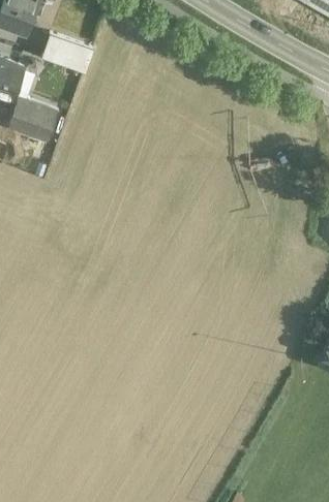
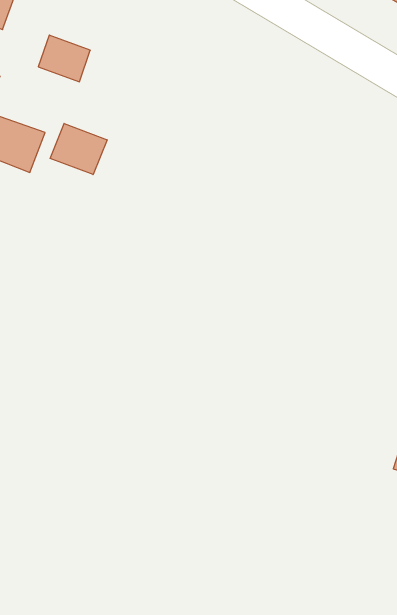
building: none -> [50,123,107,175]

